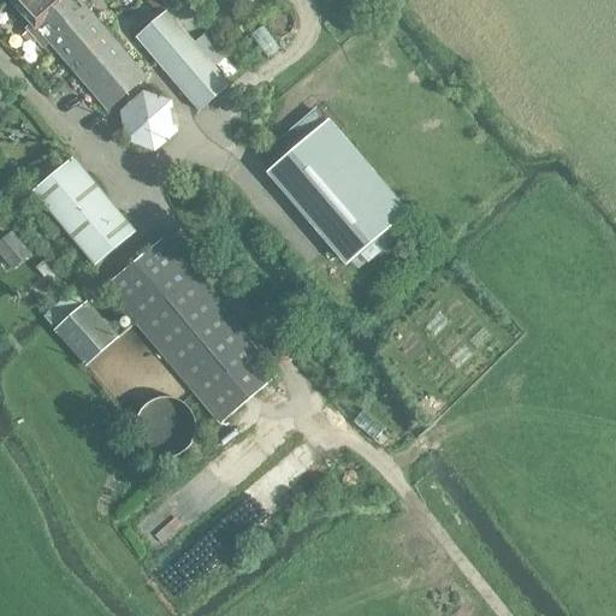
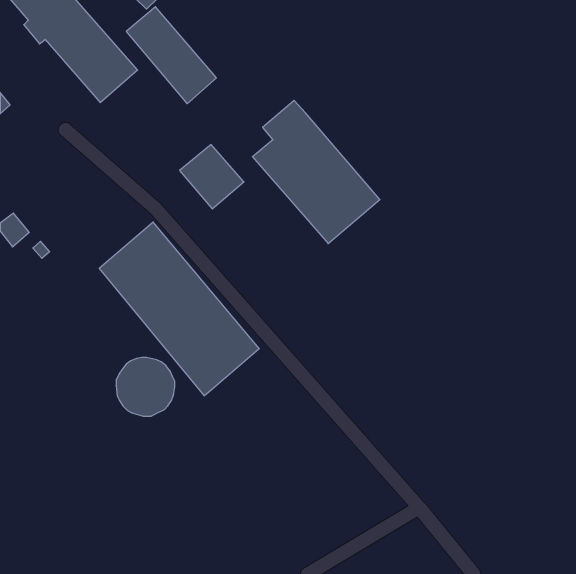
building: [116,82,184,150] -> [180,145,244,209]
building: [31,160,131,265] -> none
building: [54,302,117,363] -> none

